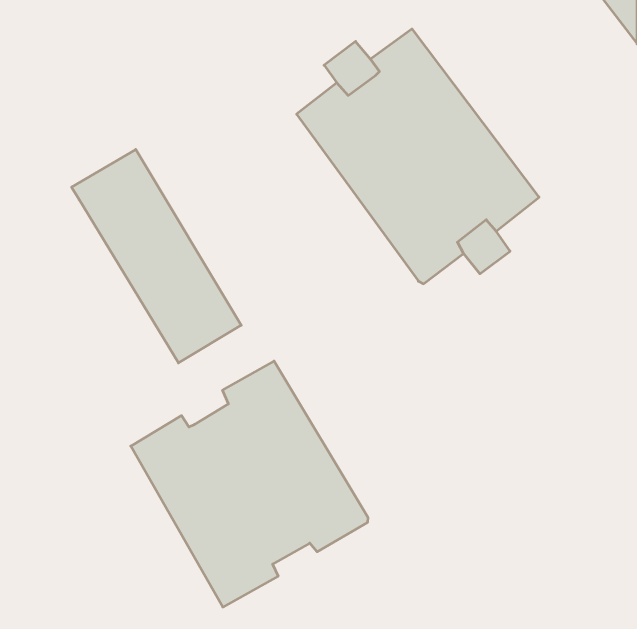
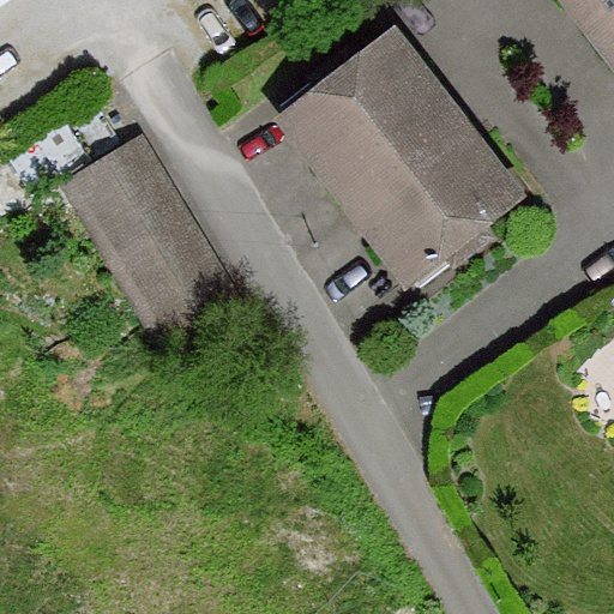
building: [131,361,368,607] -> none

